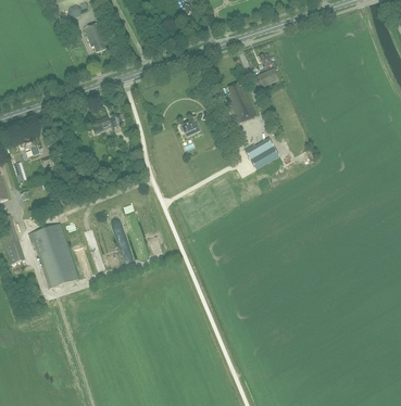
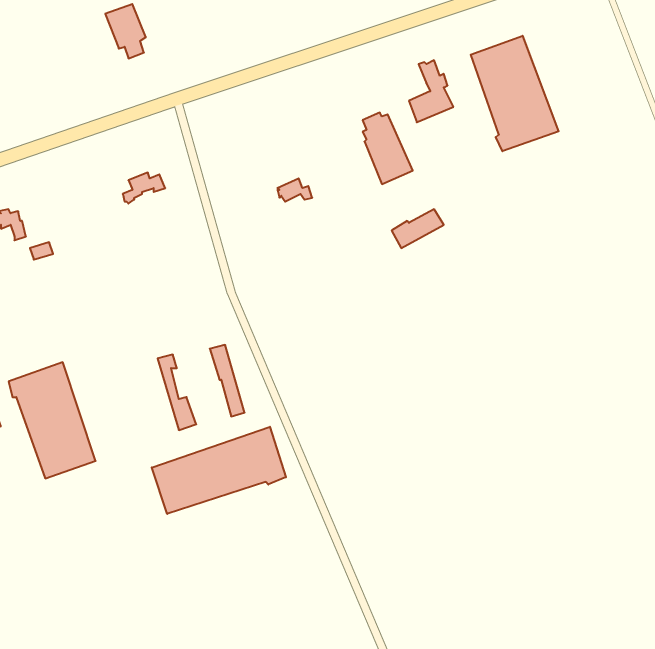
building: none -> [471,36,559,151]
building: none -> [152,427,286,514]

